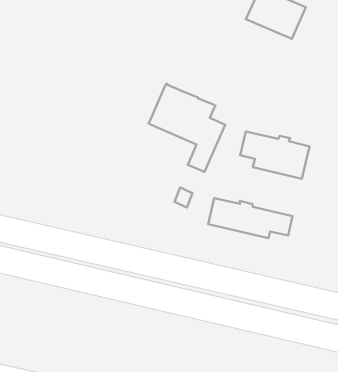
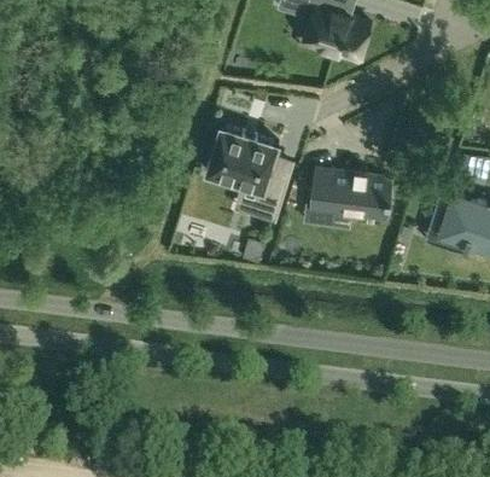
building: [208,198,293,238] -> none

